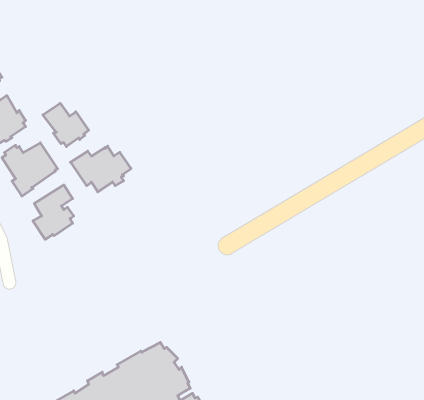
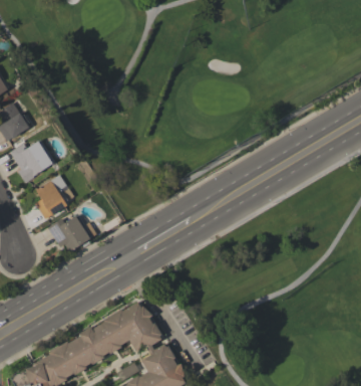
building: [43,103,89,147] -> none
building: [70,146,131,192] -> [47,214,96,251]

